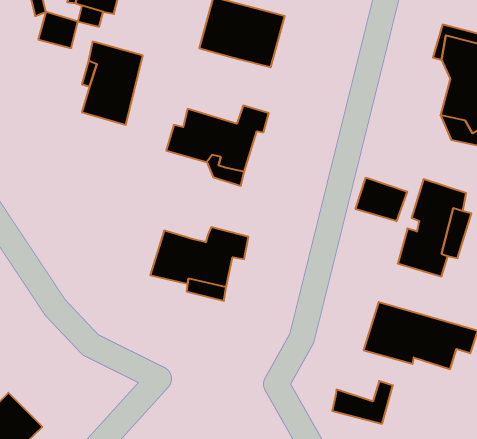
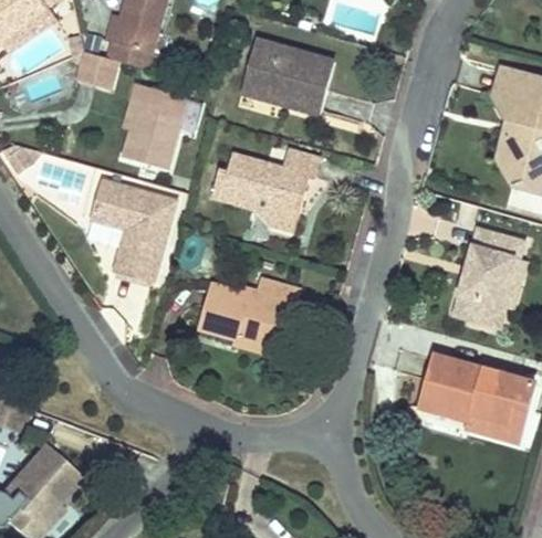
building: none -> [93,183,178,285]
building: [356,178,407,221] -> none
building: [332,381,393,424] -> [462,401,525,445]

